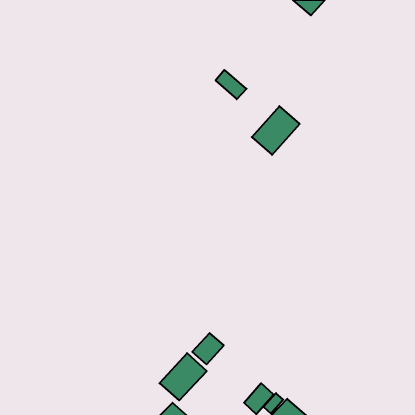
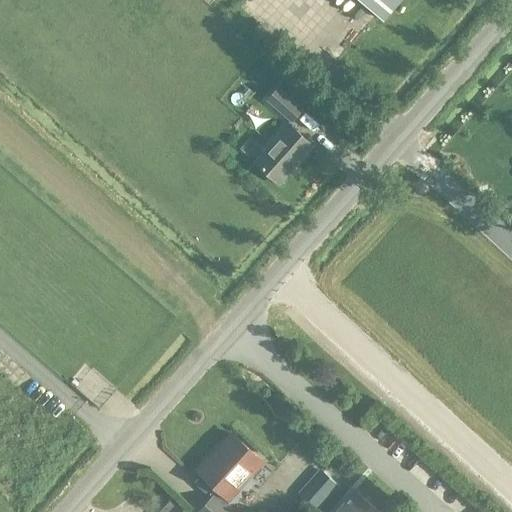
building: [252,106,300,155] -> [253,124,312,184]
building: [192,333,224,364] -> none

